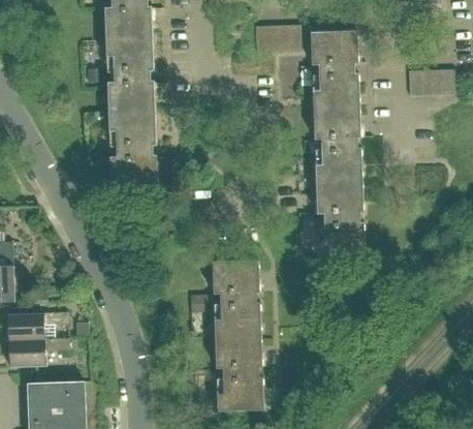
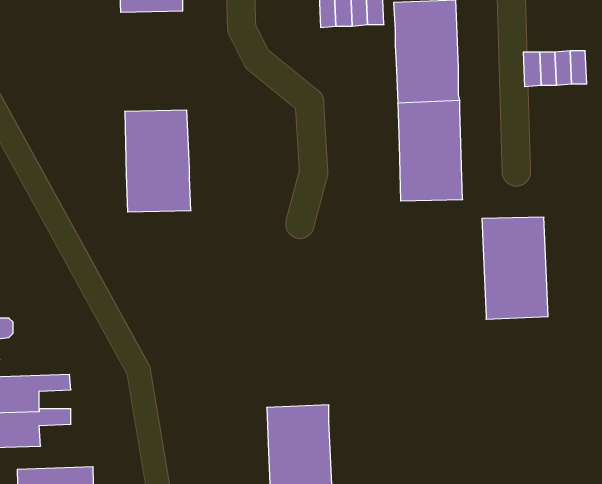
building: [105,39,155,115] -> none
building: [315,181,365,257] -> [482,217,548,319]
building: [212,261,261,337] -> none

